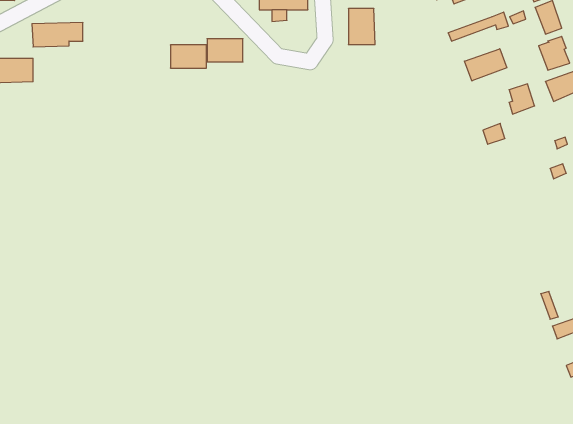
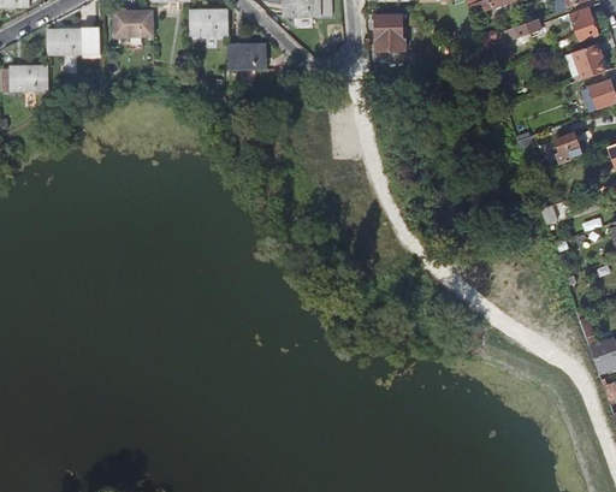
building: none -> [116,12,153,36]
building: [170,45,206,68] -> [190,11,227,35]
building: [464,49,507,81] -> none
building: [509,84,535,114] -> [555,132,581,164]

